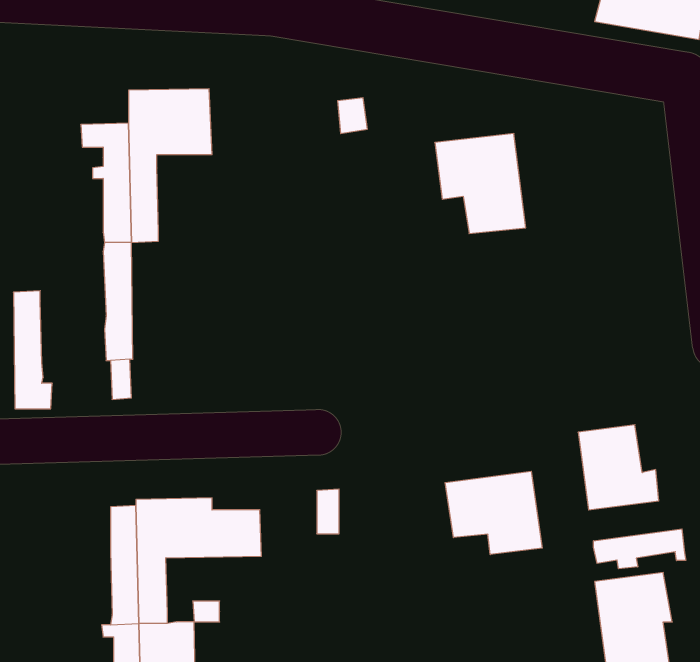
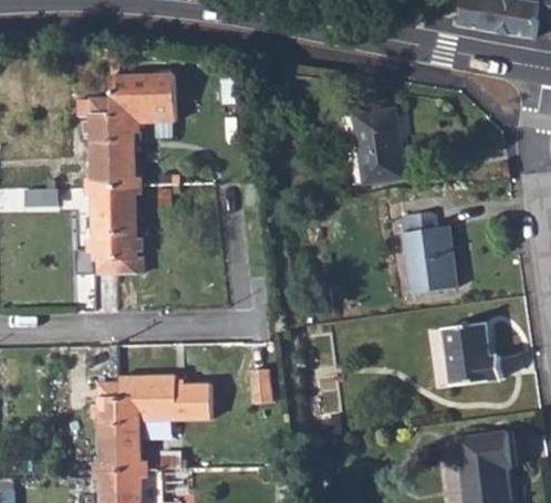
building: none -> [399,212,458,293]
building: [13,291,52,409] -> [113,186,142,273]
building: [445,471,542,555] -> none
building: [593,529,686,569] -> none

